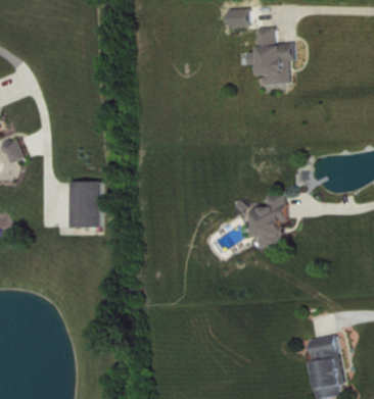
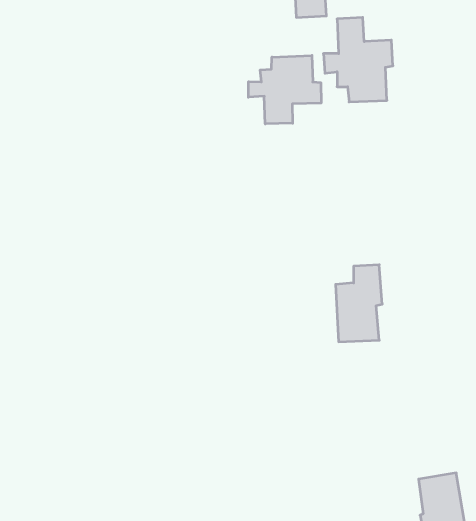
building: none -> [248,55,321,124]
building: [69,181,99,227] -> none

